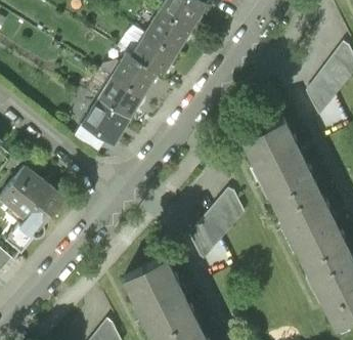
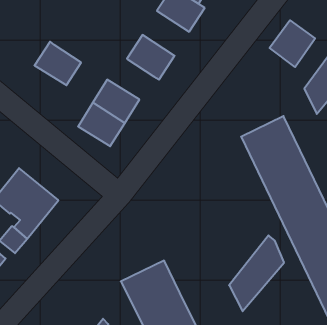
building: [144,12,190,56] -> none
building: none -> [270,20,315,67]
building: [109,56,156,99] -> [34,42,81,85]
building: [188,184,242,259] -> [229,235,284,311]

